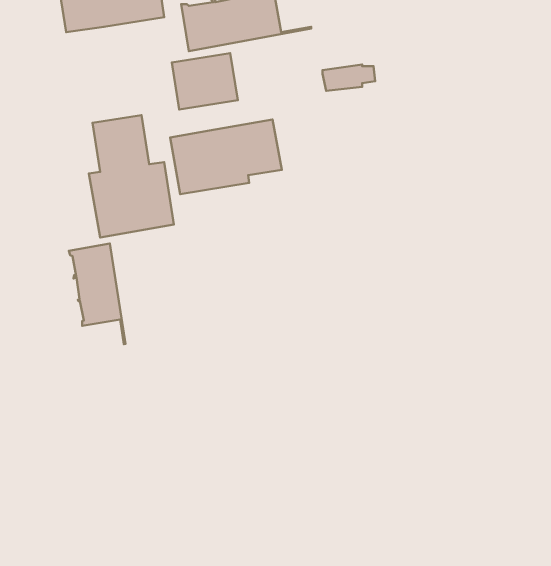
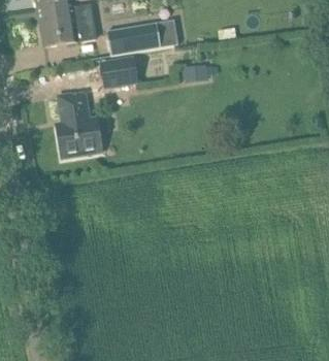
building: [170,119,282,194] -> none
building: [69,243,126,344] -> none

